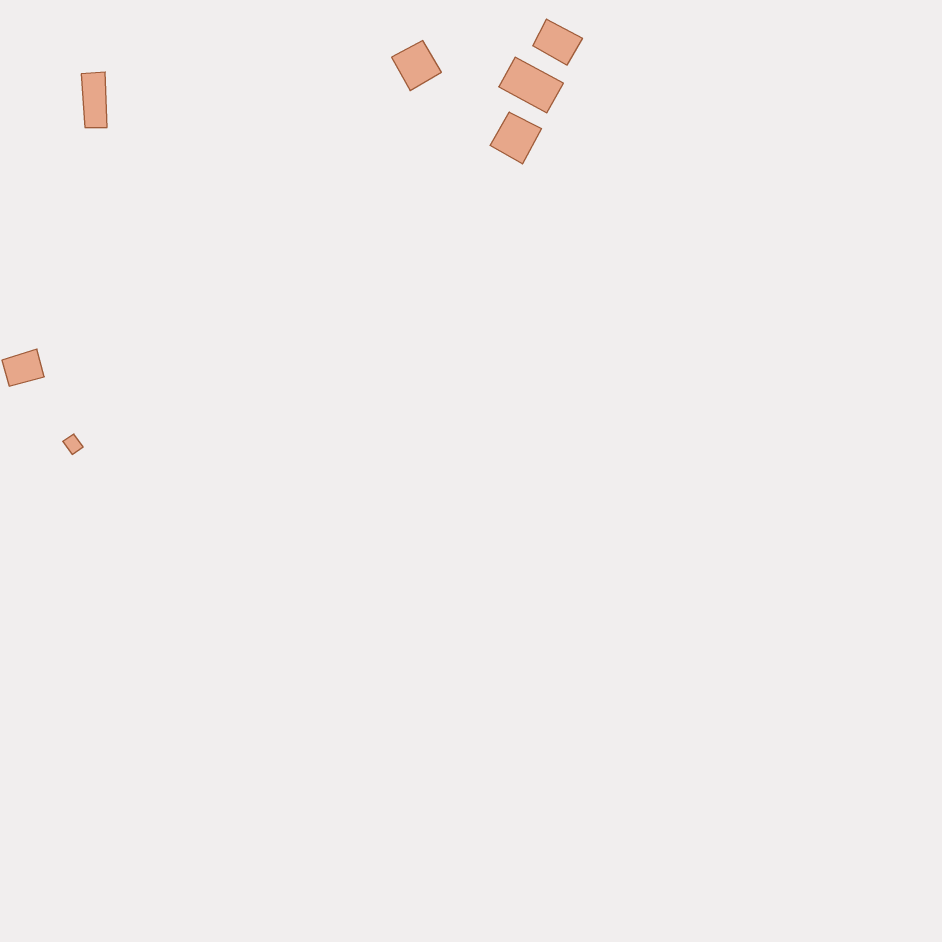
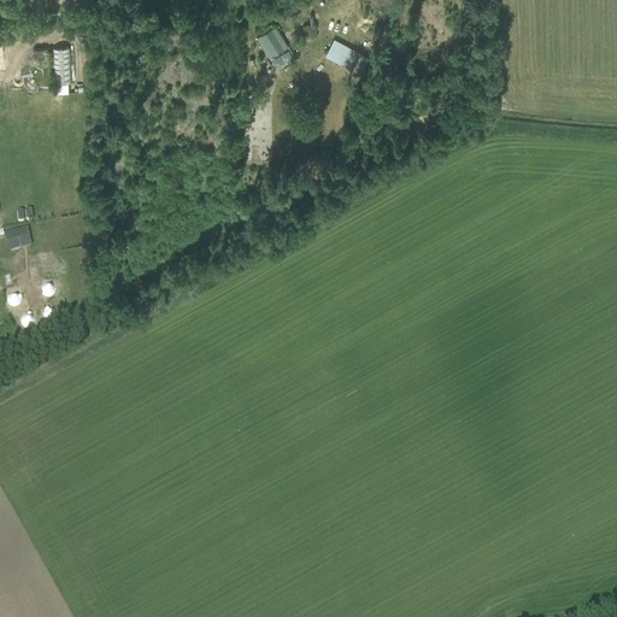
building: [533,19,582,65] -> none
building: [490,112,541,164] -> none

